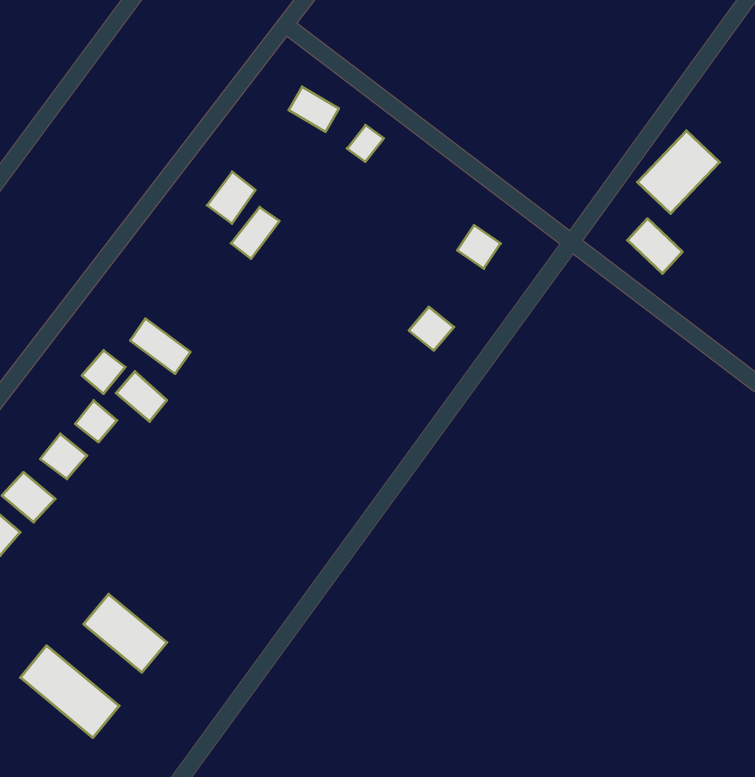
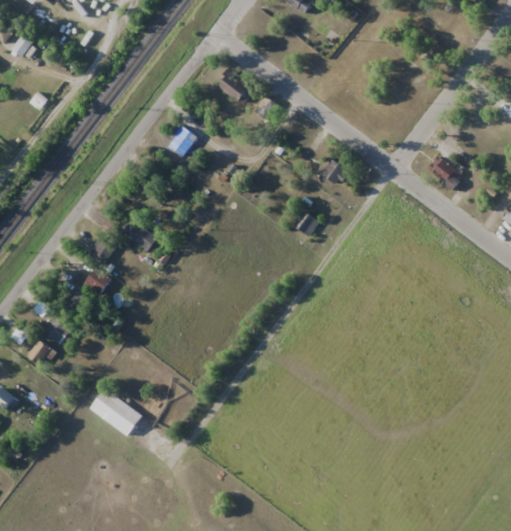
building: [637,131,720,214] -> none
building: [231,207,279,259] -> none
building: [116,371,167,422] -> none
building: [20,646,119,738] -> none

